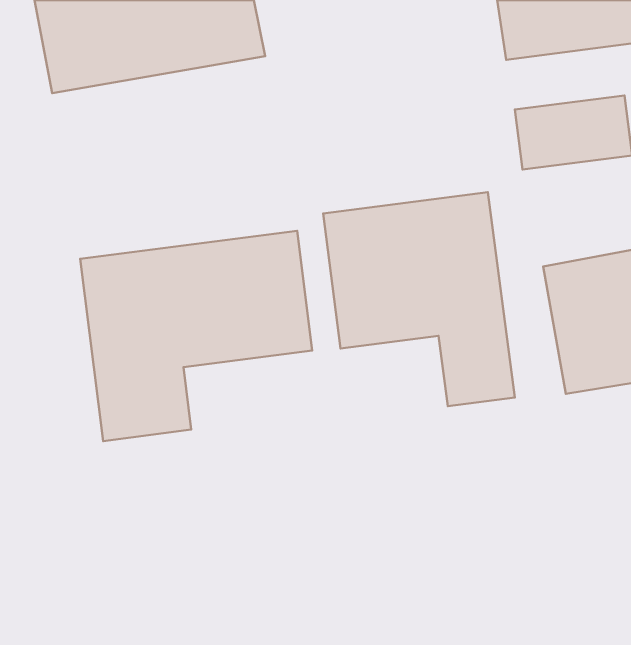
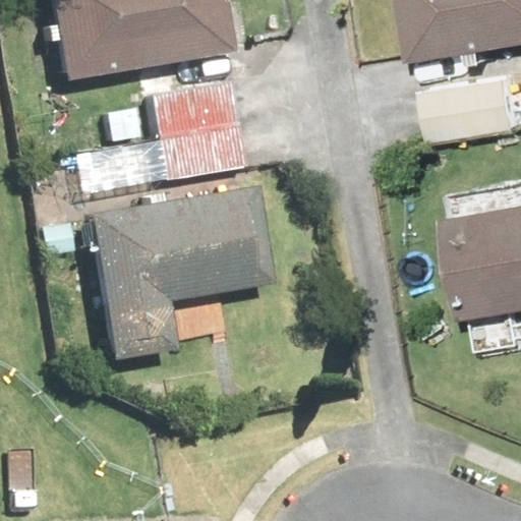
building: none -> [124,89,228,175]
building: [323,192,515,406] -> none

